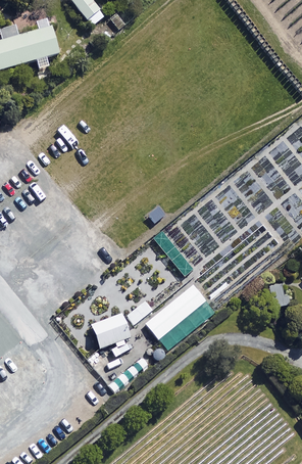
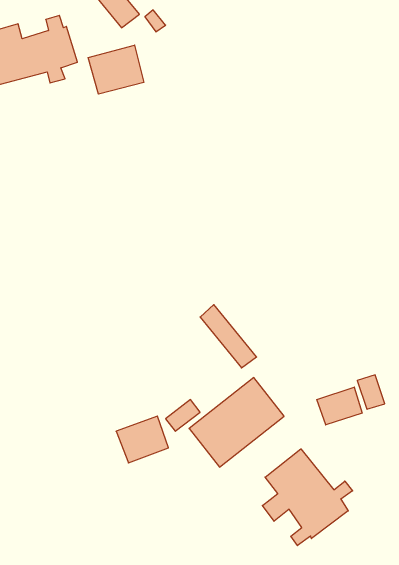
building: none -> [88,45,144,94]
building: none -> [317,387,362,425]
building: none -> [262,449,353,546]

